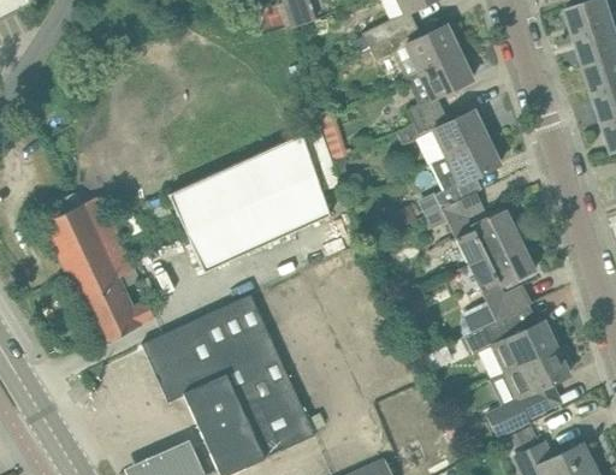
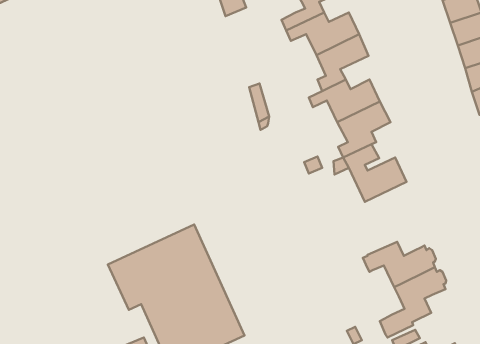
building: [168,135,327,272] -> none
building: [43,195,155,344] -> none
building: [468,239,537,321] -> none

